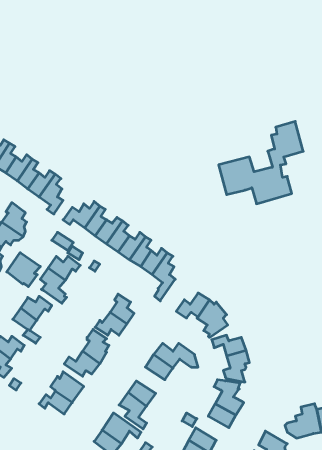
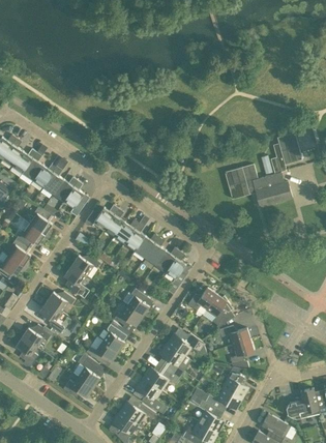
building: [7,253,40,287] -> none

